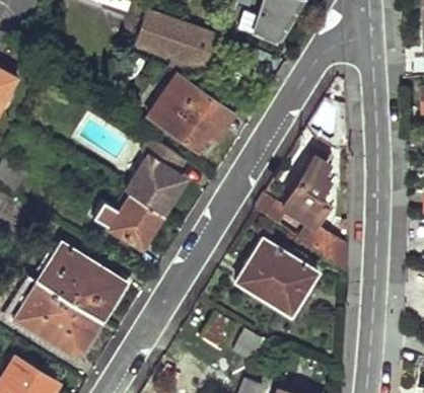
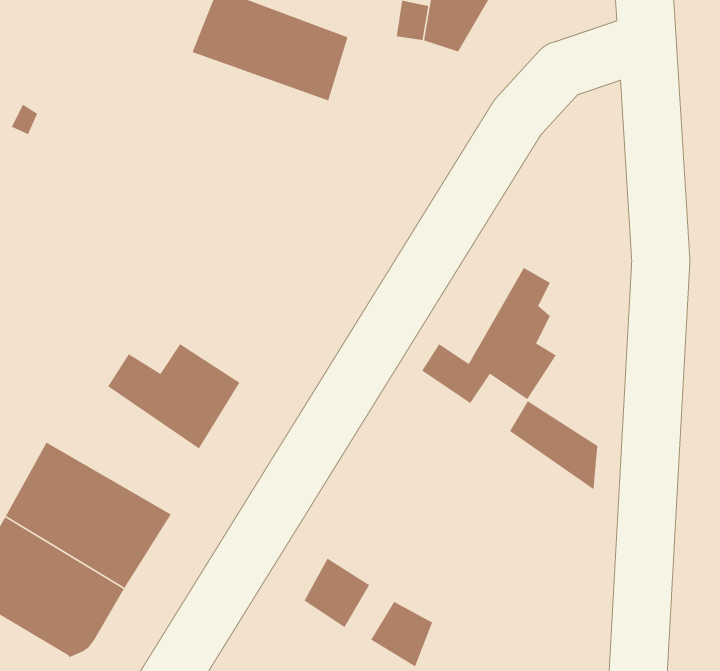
building: [149,74,232,149] -> none
building: [124,136,188,214] -> none
building: [233,238,317,311] -> none

